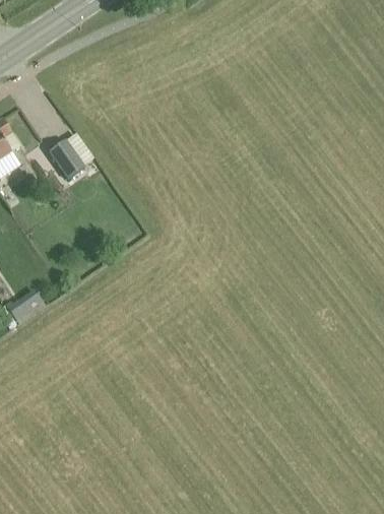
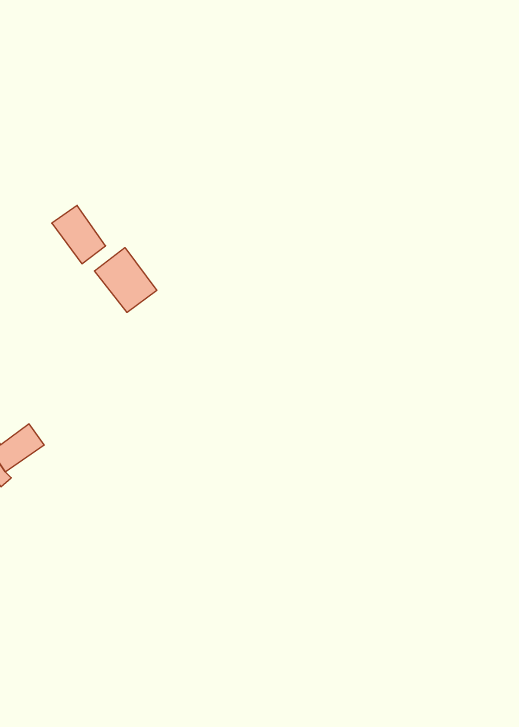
building: none -> [94,248,157,312]

